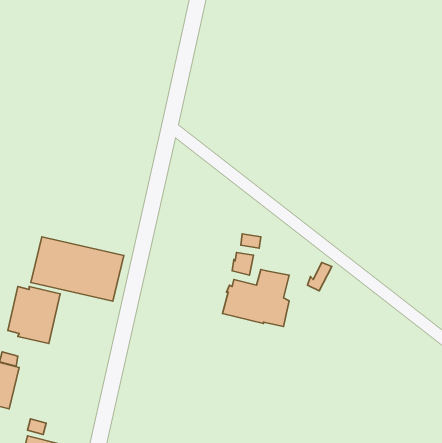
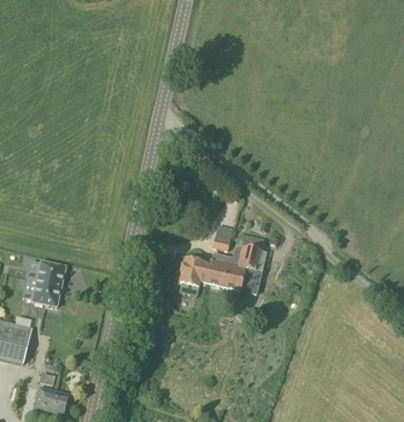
building: [31,237,124,301] -> none
building: none -> [180,258,210,286]

